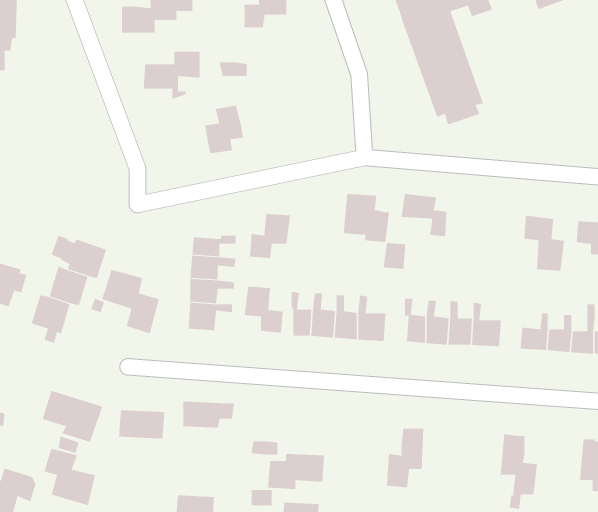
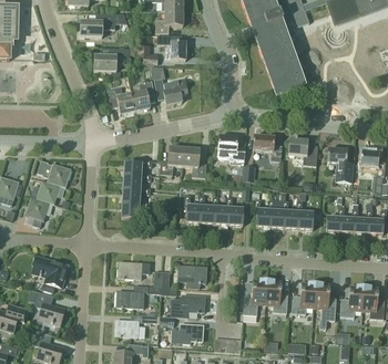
building: none -> [156,34,185,60]
building: none -> [153,79,186,105]
building: none -> [106,86,134,114]
building: none -> [287,138,317,166]
building: [102,269,159,334] -> none
building: [244,286,283,333] -> [182,148,206,177]
building: none -> [176,266,206,289]
building: [118,410,165,439] -> [115,290,144,308]
building: none -> [265,279,287,313]
building: none -> [292,282,315,314]
building: none -> [339,284,364,316]

